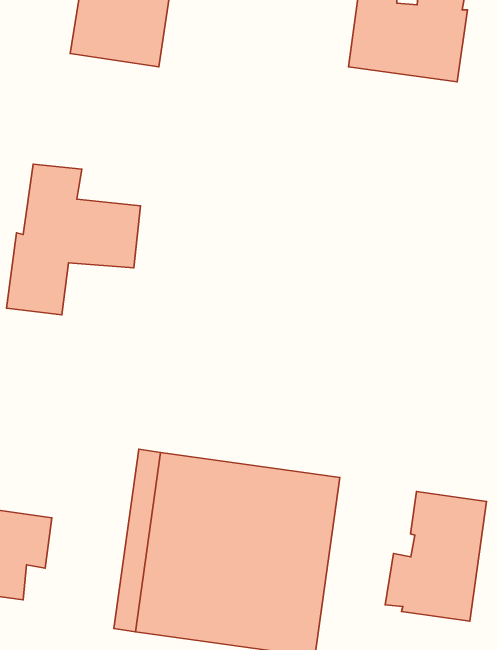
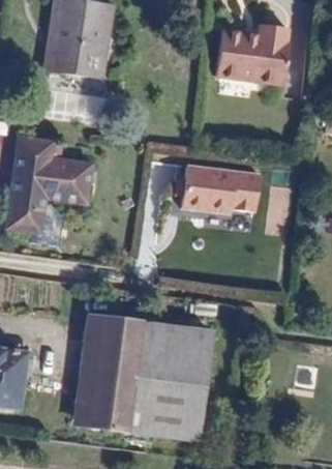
building: none -> [178,163,258,211]
building: [385,492,487,621] -> none

